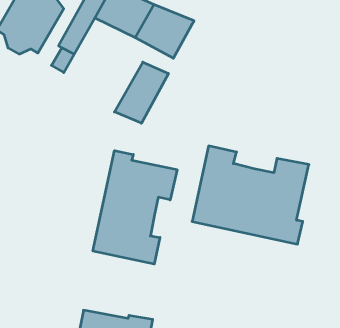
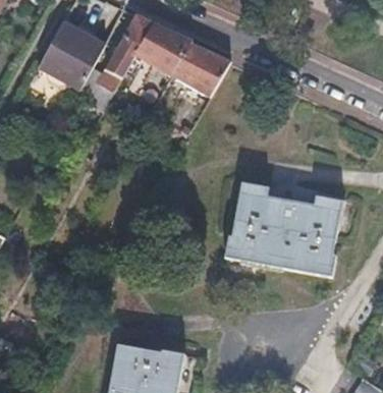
building: [114,62,168,123] -> none
building: [93,151,177,264] -> none

